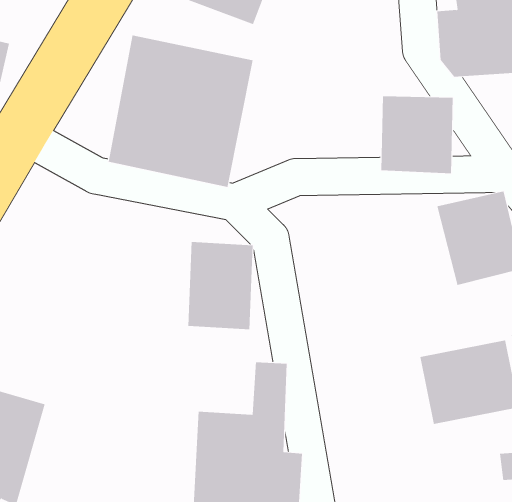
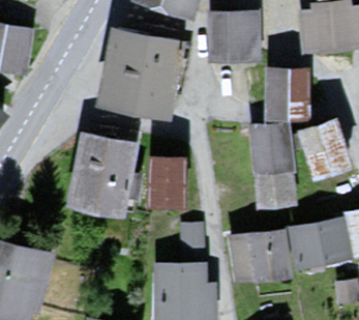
building: none -> [211,12,264,61]
building: none -> [249,121,297,209]
building: none -> [66,132,141,221]
building: none -> [228,227,291,282]

